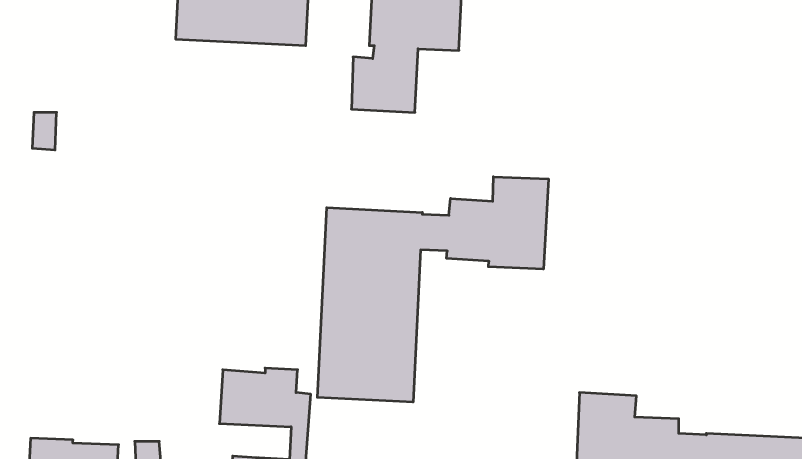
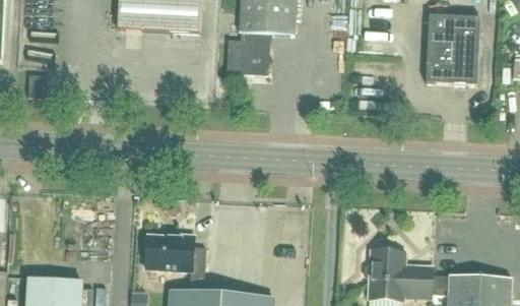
building: none -> [425,13,479,83]
building: [317,177,548,402] -> none

